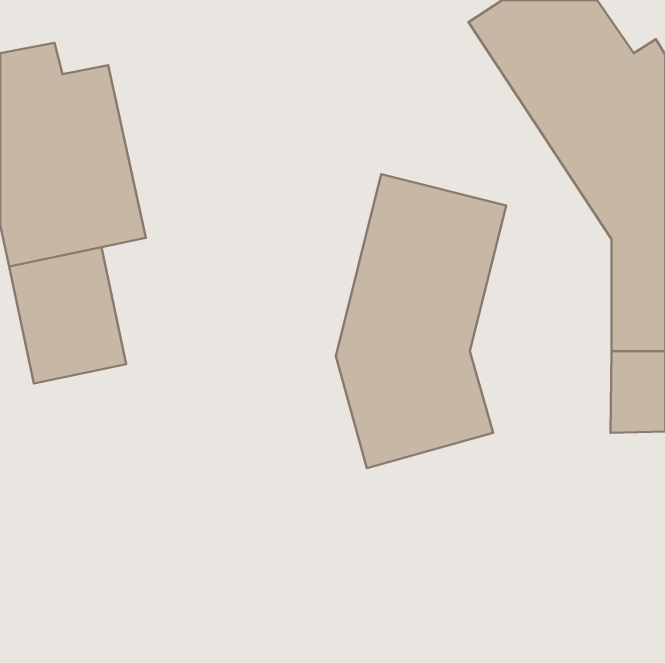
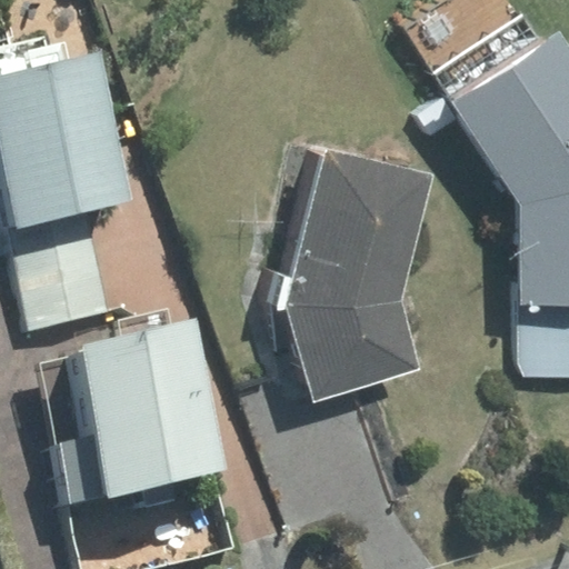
building: none -> [60,311,213,503]

